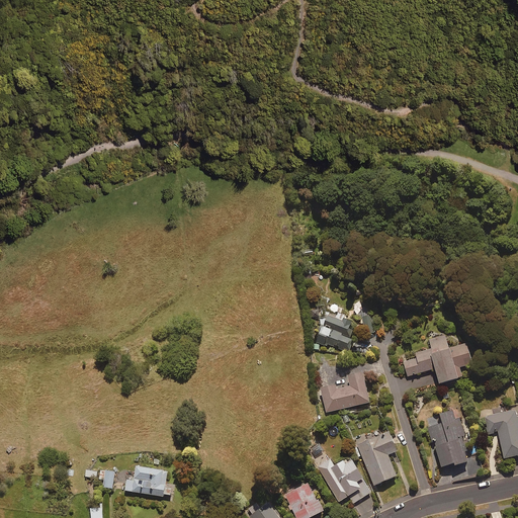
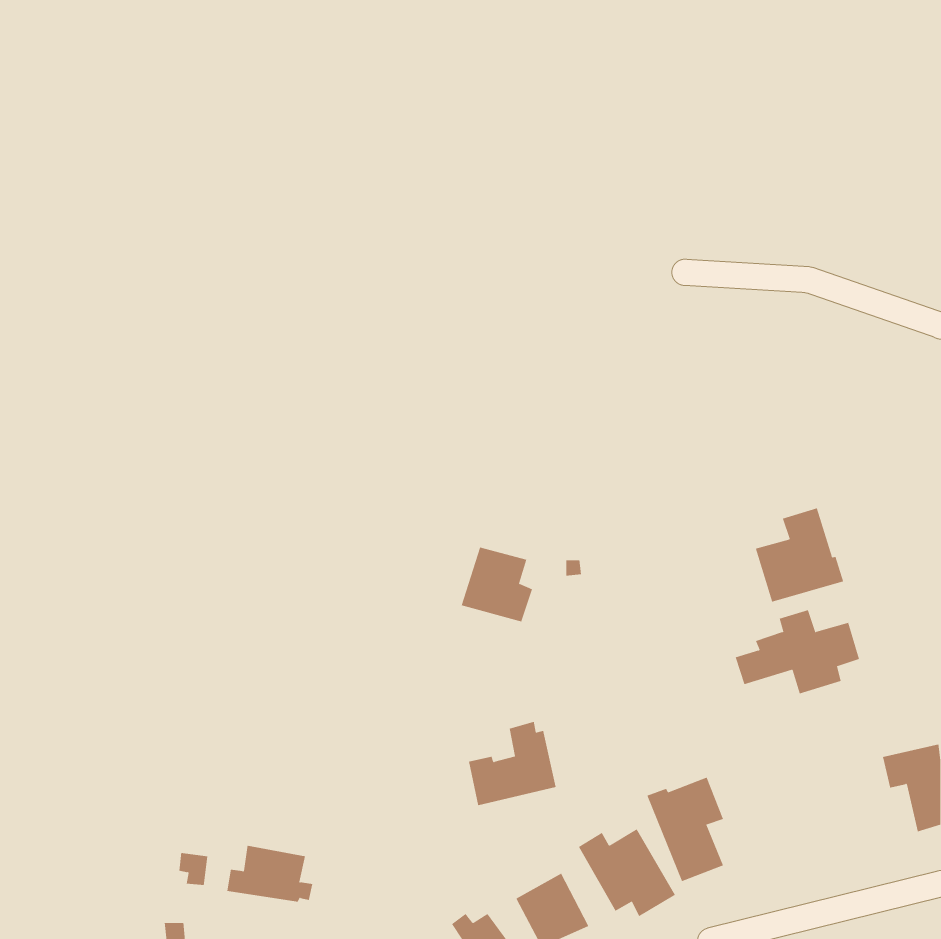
building: none -> [755,507,844,603]
building: [316,311,355,352] -> [461,547,533,622]
building: [321,365,369,412] -> [468,721,557,806]
building: [428,410,468,466] -> none

